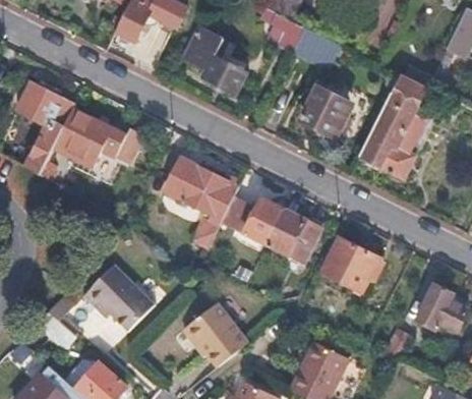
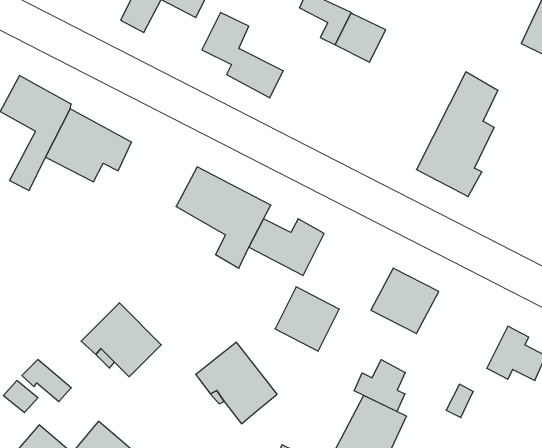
building: [303,85,347,136] -> none
building: [266,209,318,262] -> [275,287,339,351]
building: none -> [354,360,405,412]

